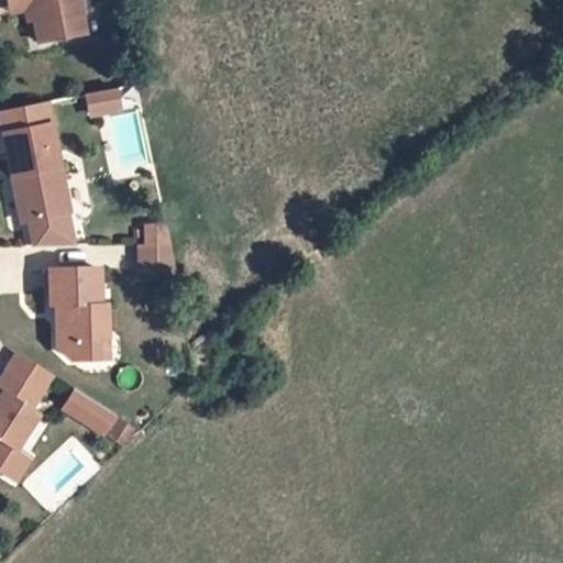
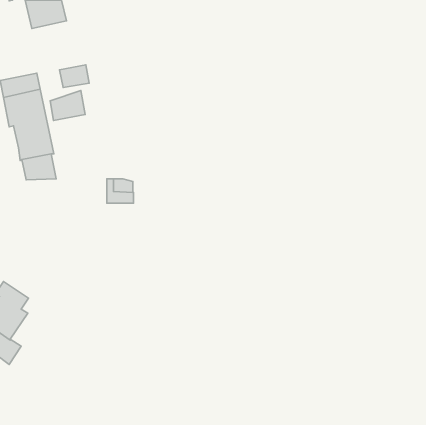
building: none -> [50,90,85,120]
building: [54,263,109,352] -> none
building: [4,354,49,396] -> none
building: [55,391,112,440] -> none

